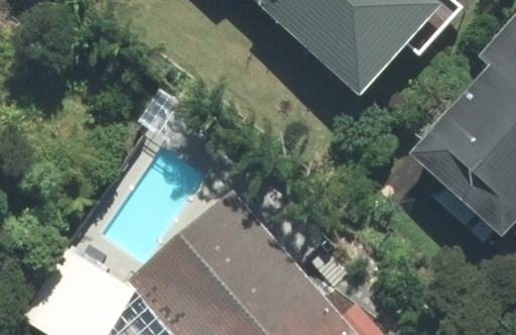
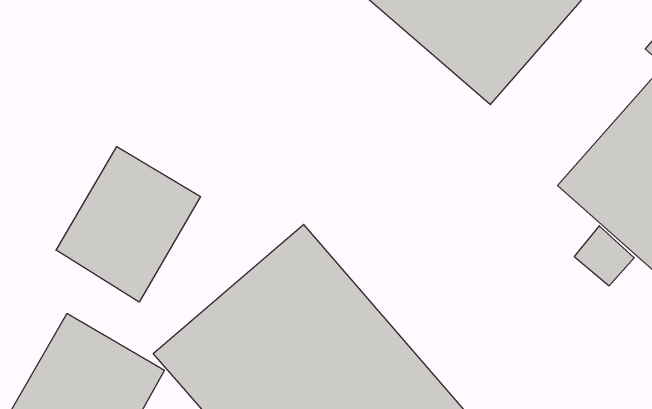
building: none -> [56,147,200,302]

